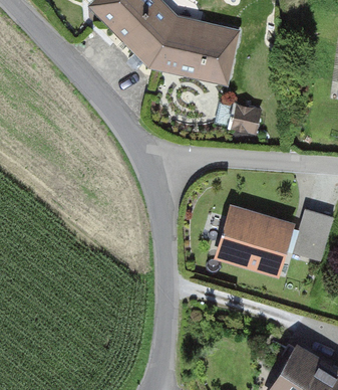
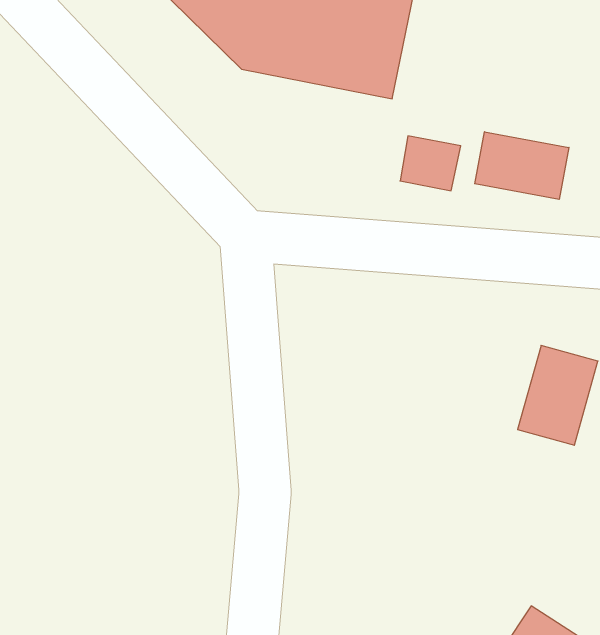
building: none -> [475,132,569,199]
building: [217,204,296,274] -> none

